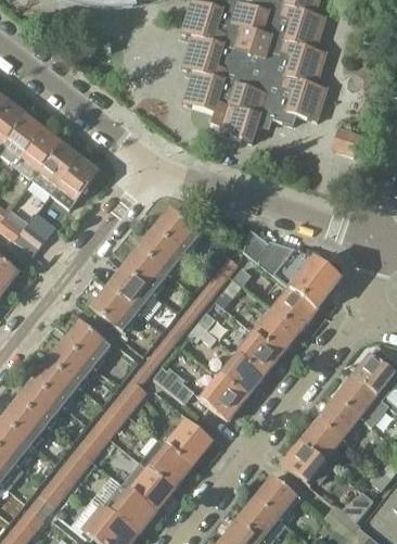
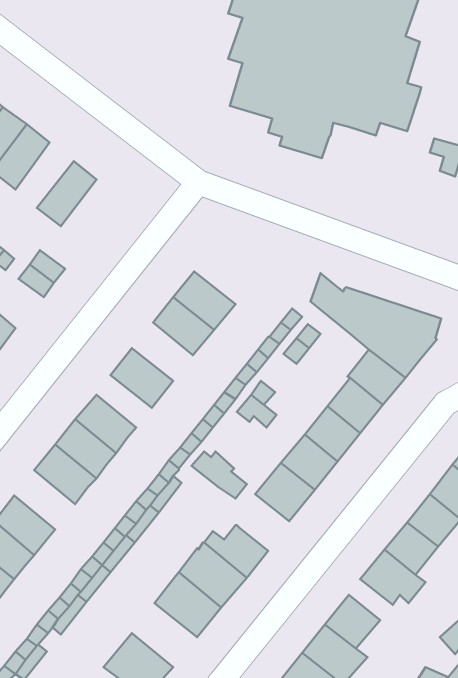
building: [16,130,62,181] -> none
building: [52,159,98,208] -> none
building: [154,208,201,254] -> none
building: [106,268,153,313] -> none
building: [16,381,63,427] -> none
building: [106,483,156,532] -> none

